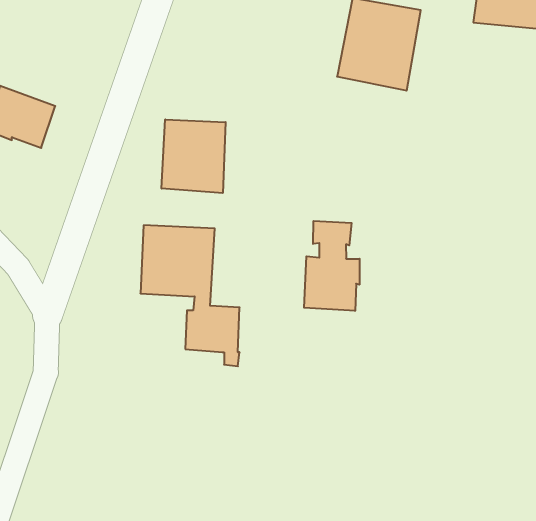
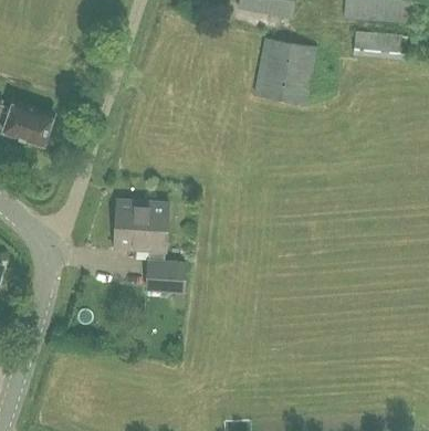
building: [162,119,226,193] -> none
building: [304,221,360,311] -> none

